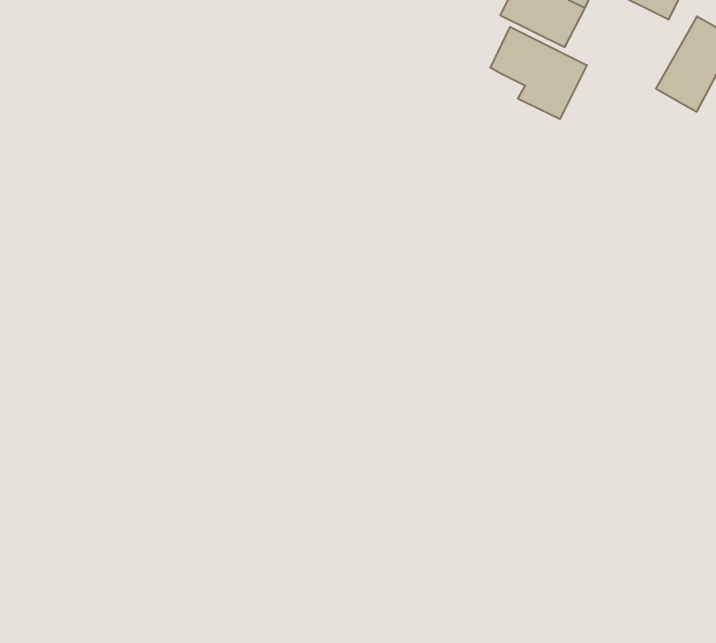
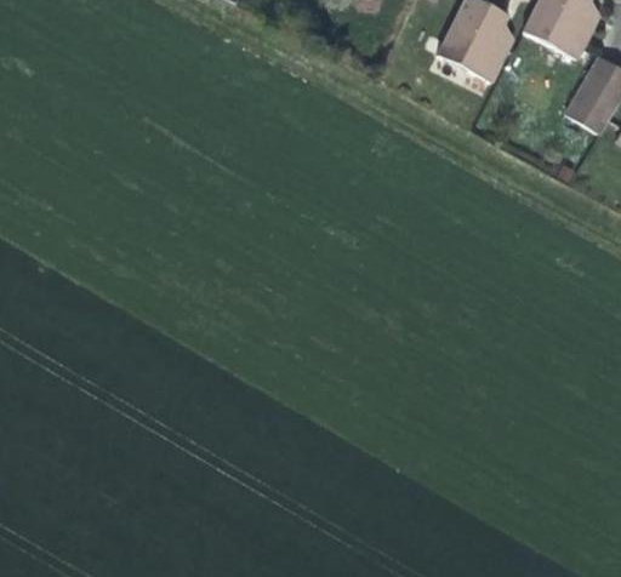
building: [490,27,587,119] -> none

